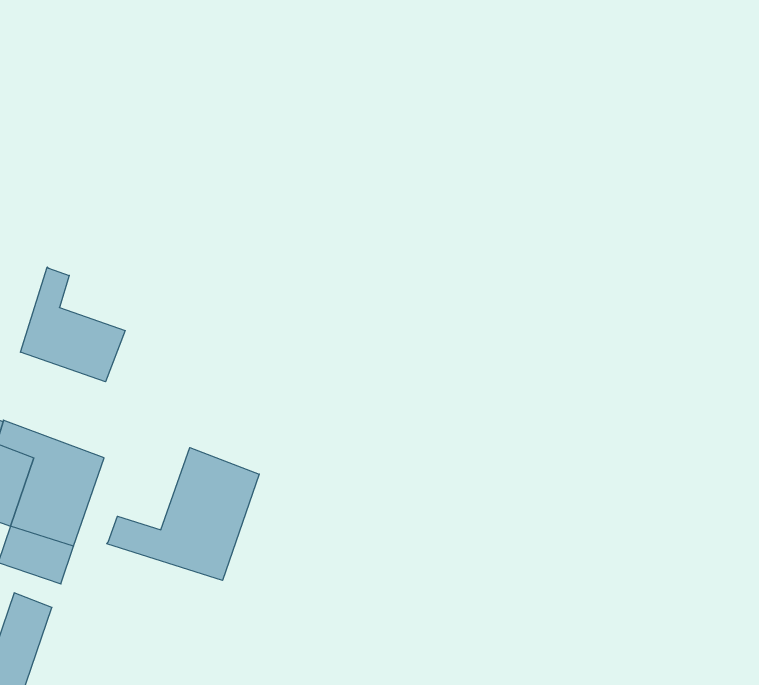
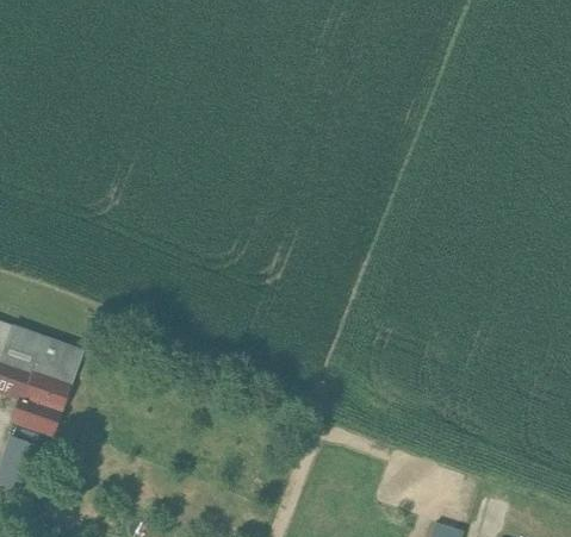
building: [20,267,125,382] -> none
building: [107,448,259,580] -> none

